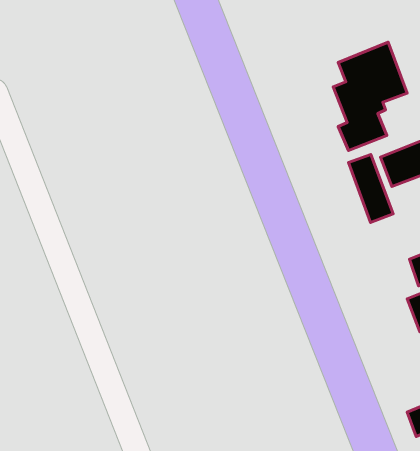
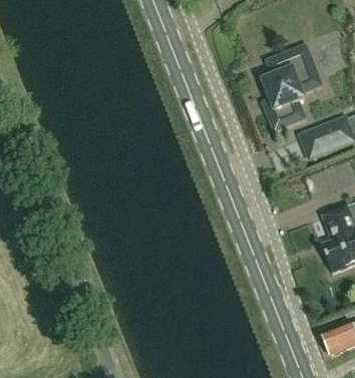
building: [349,154,393,223] -> none

